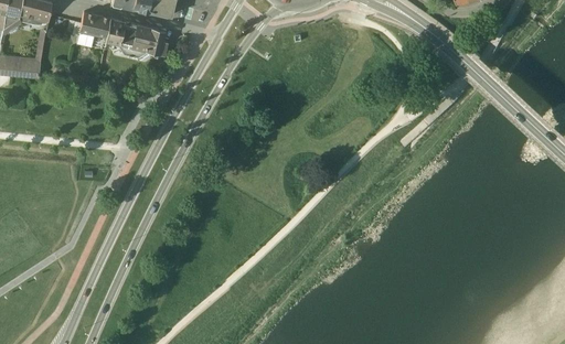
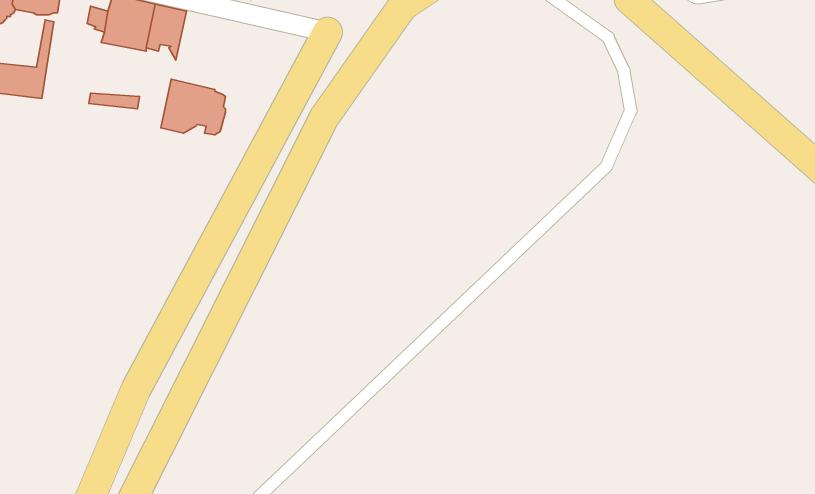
building: [122,23,163,58] -> [161,79,225,135]

